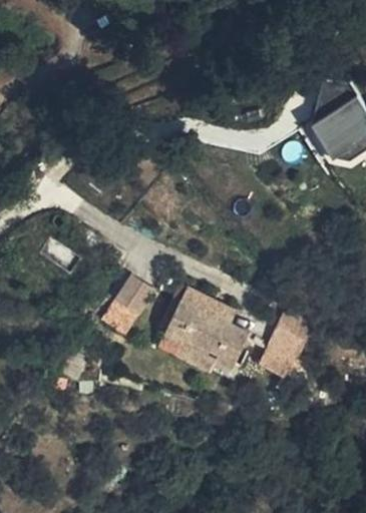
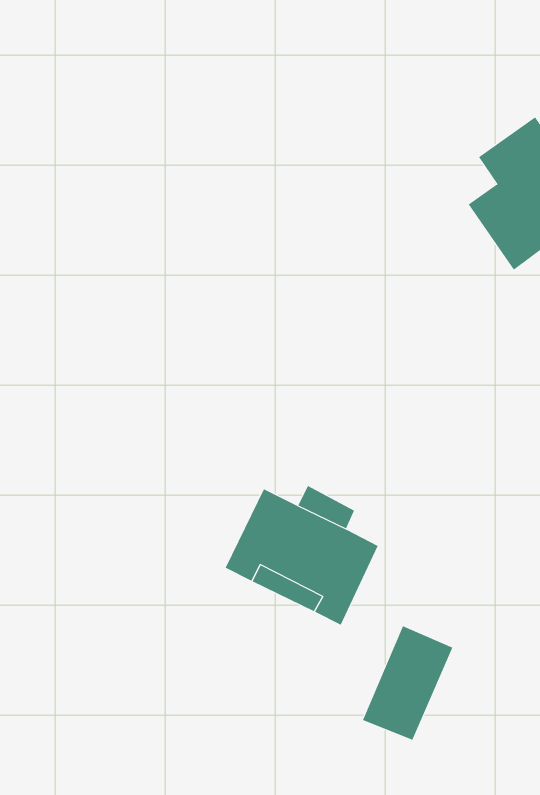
building: [99,275,154,336] -> none
building: [259,312,313,380] -> [362,625,453,740]

